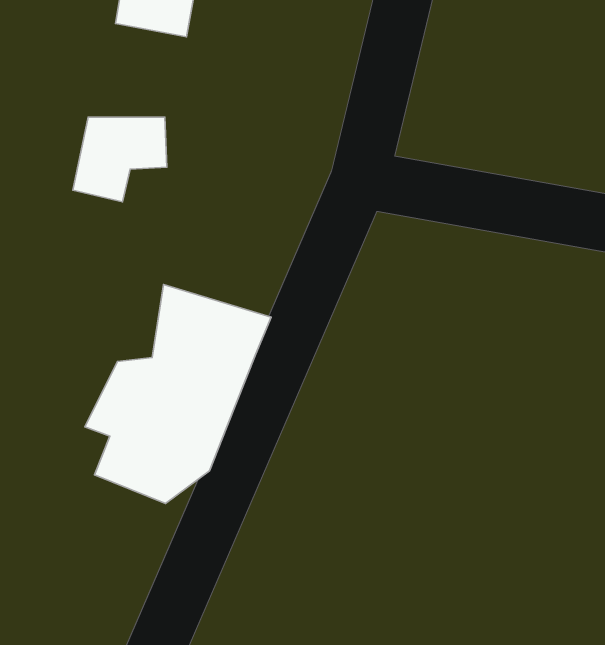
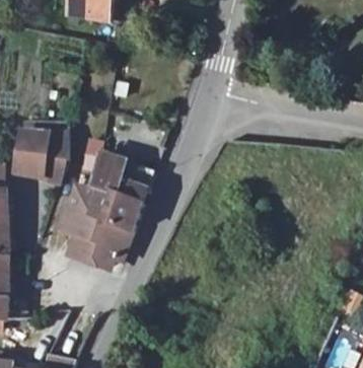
building: [73,117,167,202] -> [20,135,70,179]

